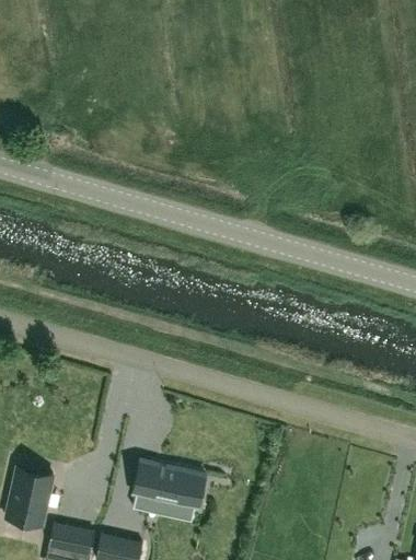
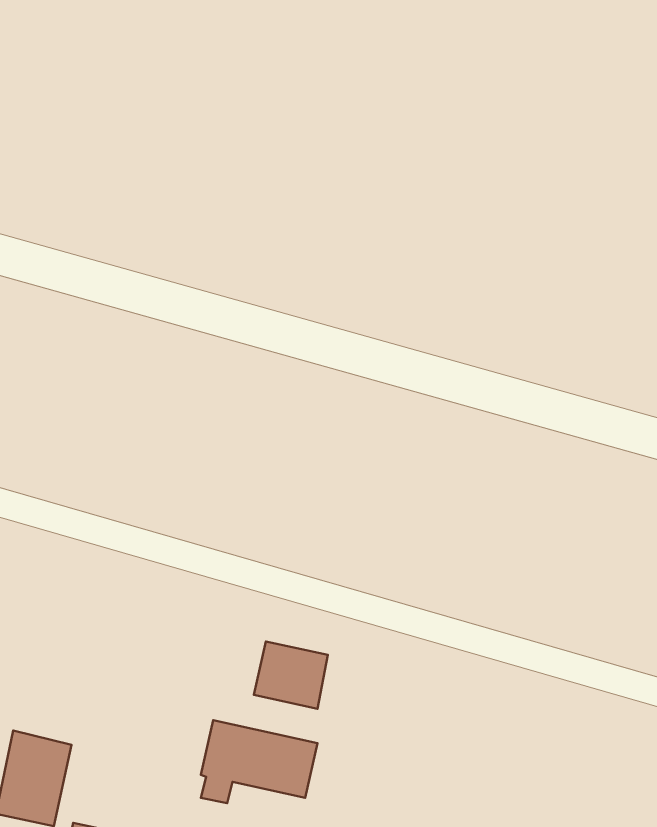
building: none -> [254,642,328,709]

